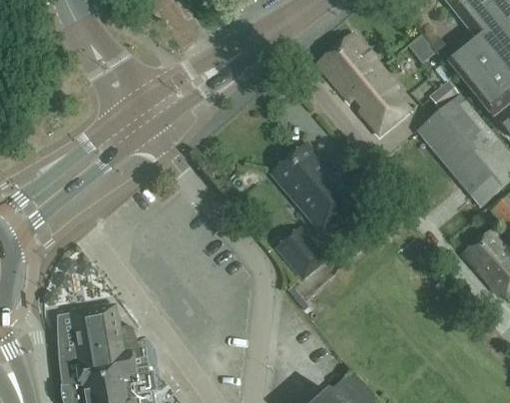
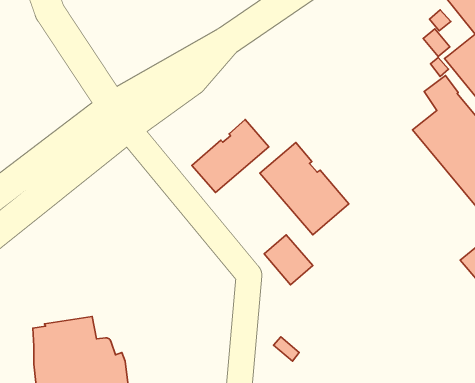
building: [318,33,410,135] -> none
building: none -> [192,120,269,193]

